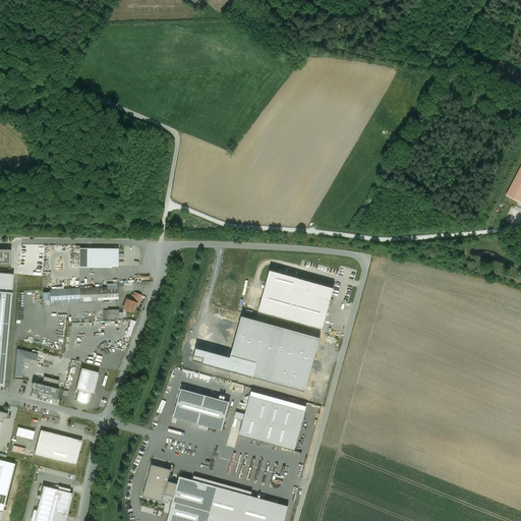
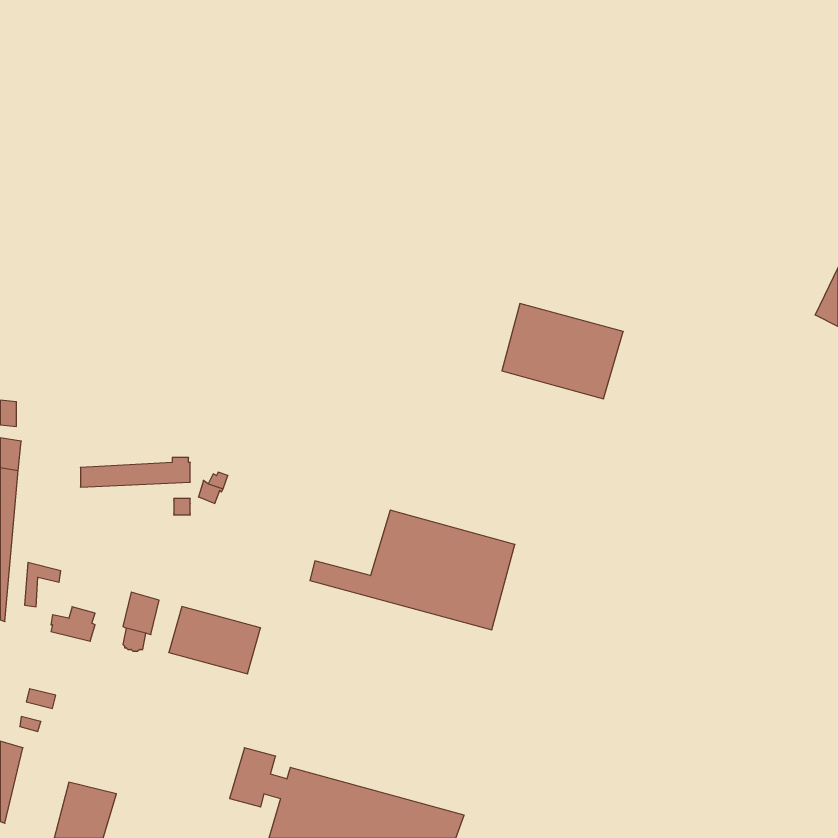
building: [80,248,111,265] -> none
building: [258,270,334,329] -> [502,304,623,399]
building: [173,388,230,429] -> [169,607,261,674]
building: [239,391,306,450] -> none
building: [34,429,81,465] -> none

